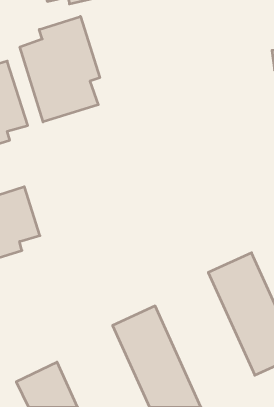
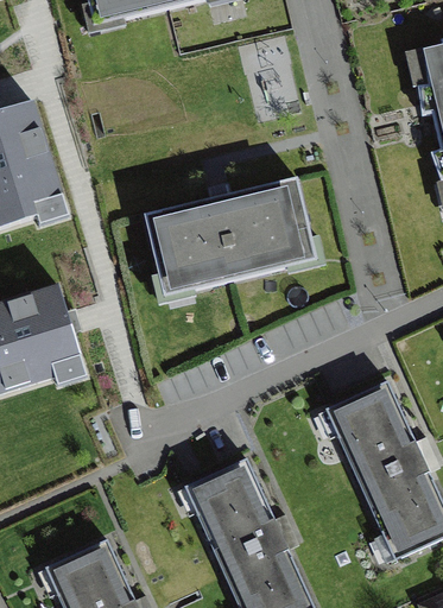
building: [20,16,100,122] -> none
building: none -> [144,178,315,290]

